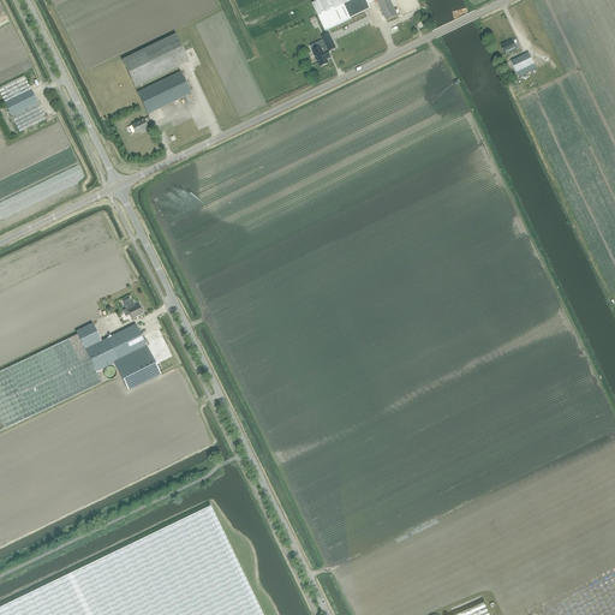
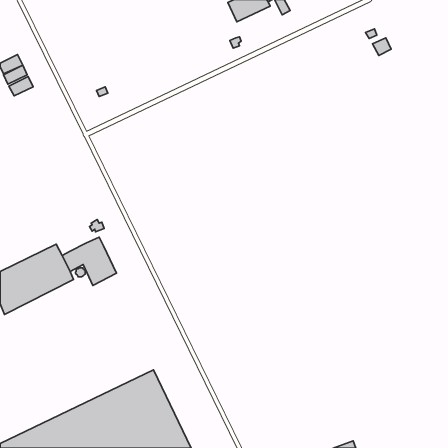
building: [121,34,189,86] -> none
building: [137,71,191,114] -> none

